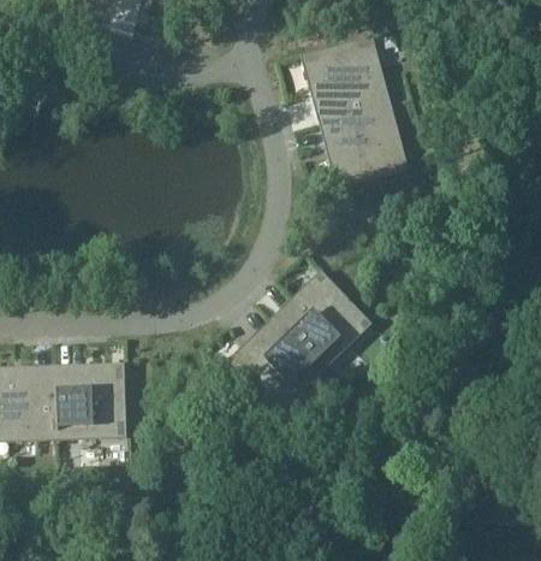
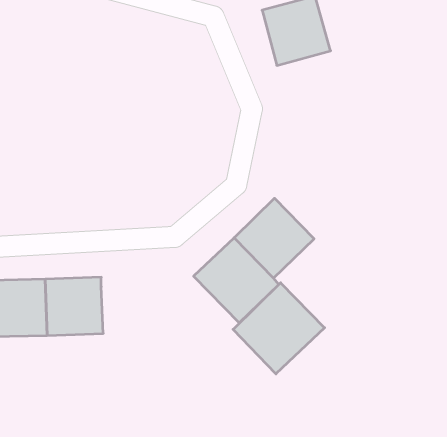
building: [326,104,405,183] -> none
building: none -> [233,283,325,374]

